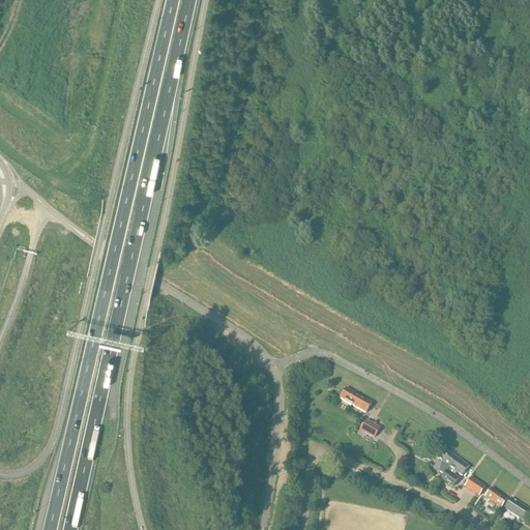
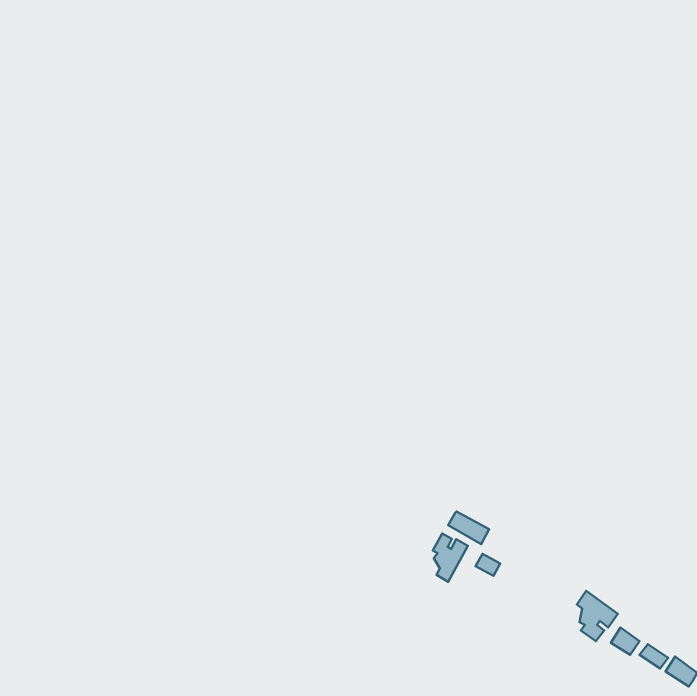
building: none -> [433,534,468,582]

